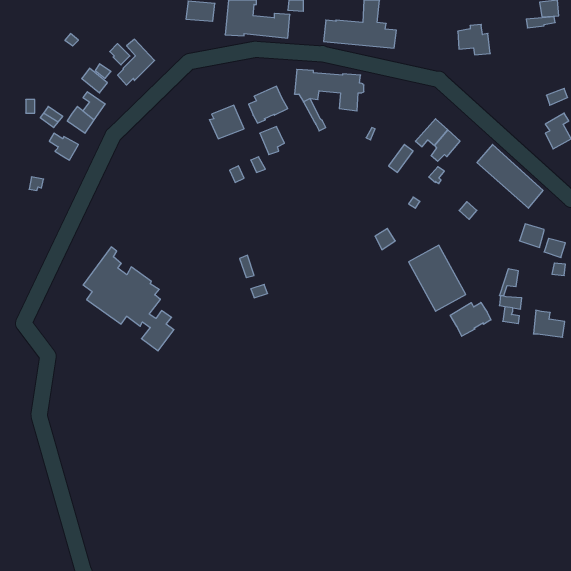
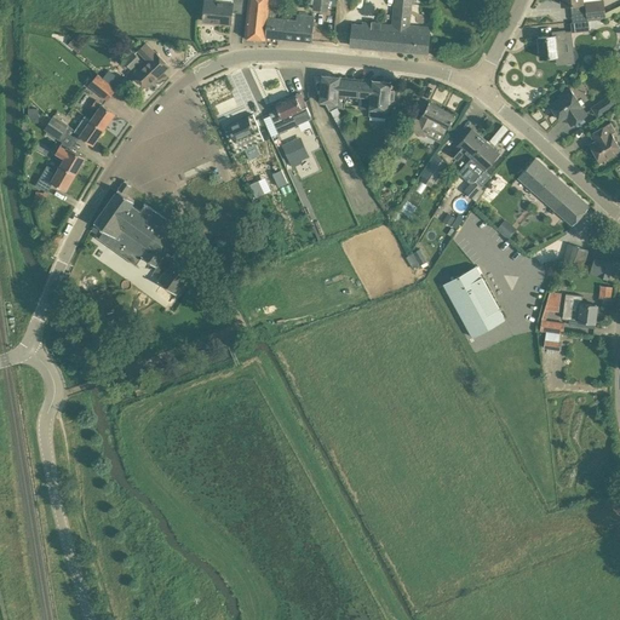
building: [458,24,490,55] -> [538,31,573,64]
building: none -> [549,90,586,126]
building: none -> [406,103,454,138]
building: none -> [34,165,75,193]
building: [83,247,174,351] -> [93,182,191,294]
building: [450,302,491,336] -> none
building: [533,310,565,337] -> [563,294,597,323]

